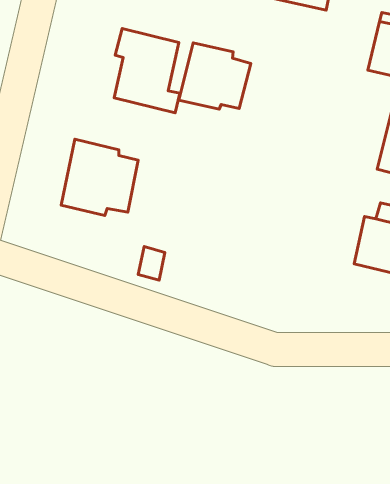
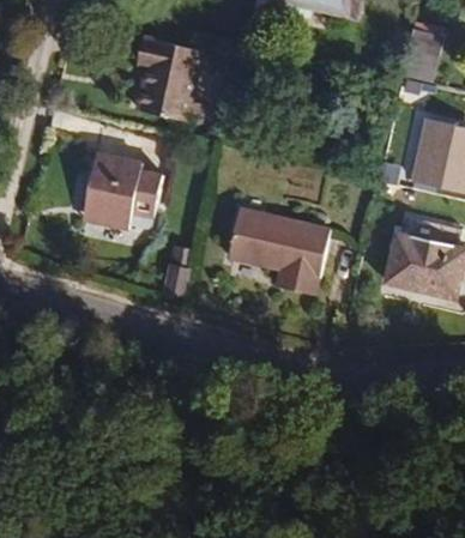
building: [179,43,251,109] -> none
building: none -> [228,207,327,295]

